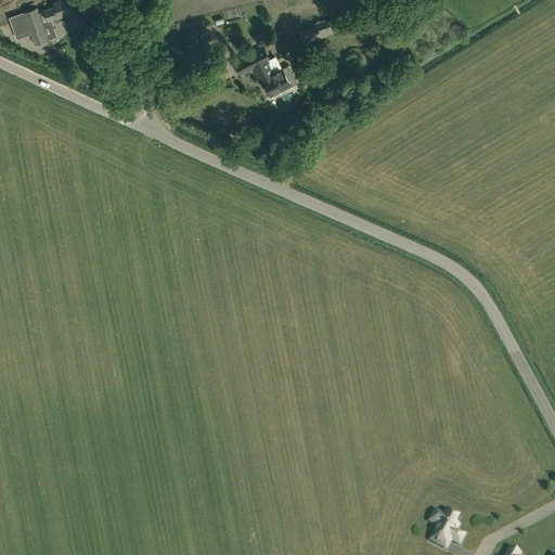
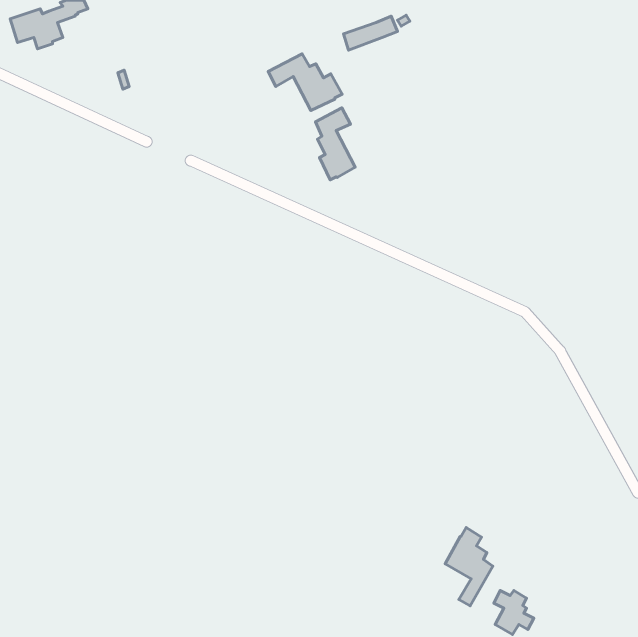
building: none -> [315,108,355,180]
building: none -> [445,527,493,606]

